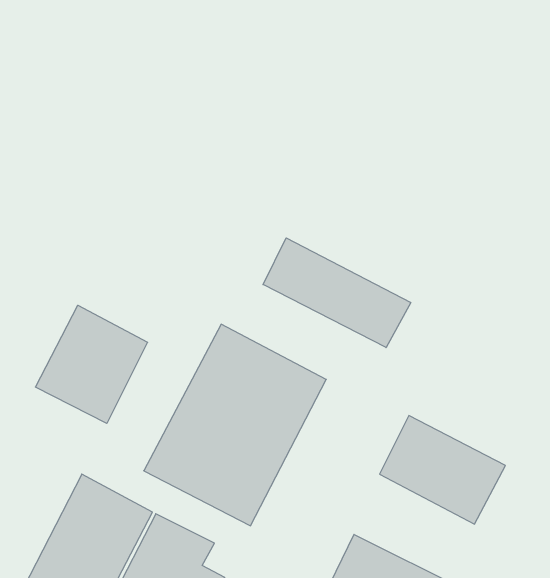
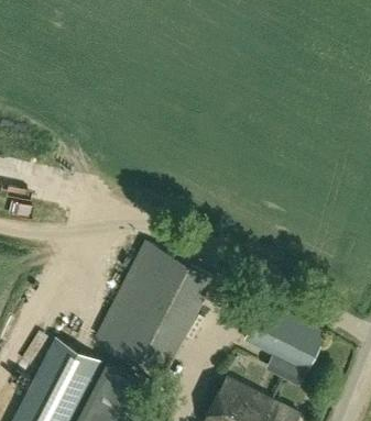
building: [263,238,411,348] -> none
building: [35,305,148,423] -> none

